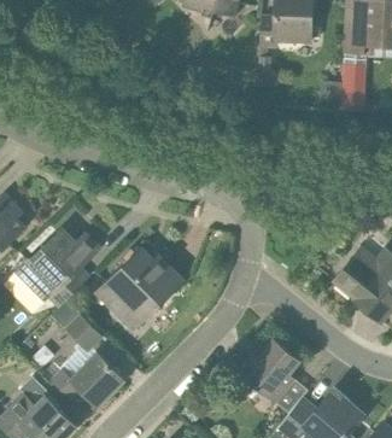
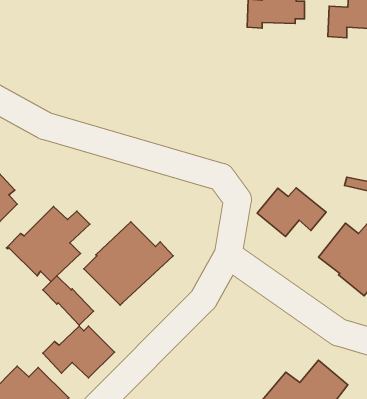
building: [340,63,367,111] -> none
building: none -> [257,188,326,237]
building: [233,337,302,403] -> none

